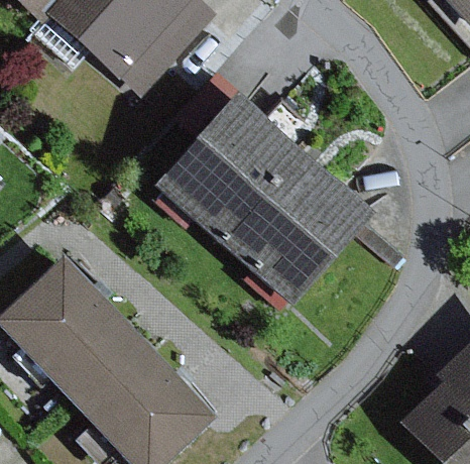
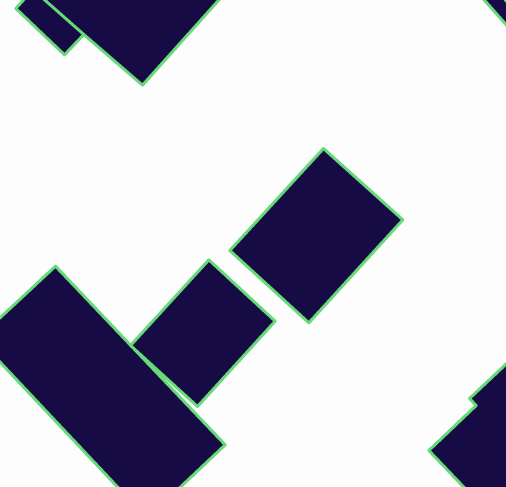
building: [155,92,317,241] -> none
building: none -> [131,260,275,407]

